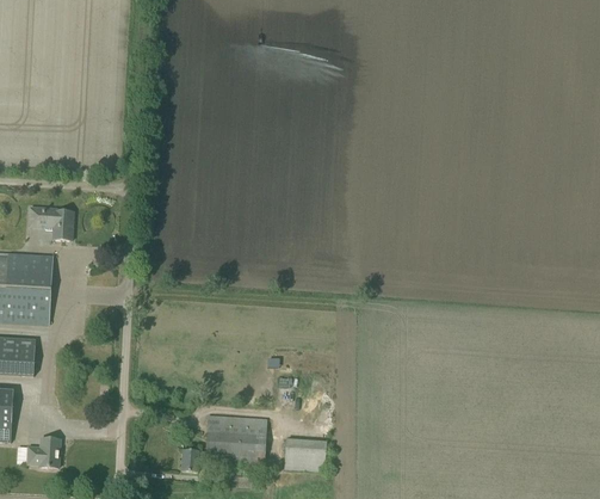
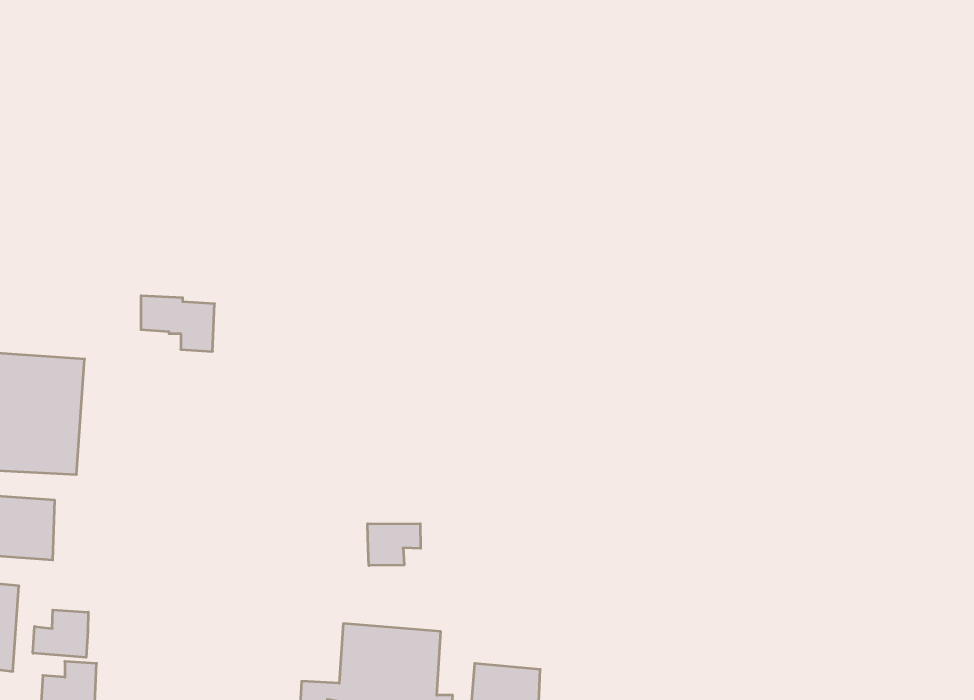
building: [29,207,73,240] -> [141,296,215,351]
building: none -> [368,524,421,566]
building: none -> [33,610,88,657]

